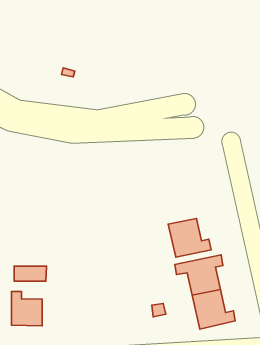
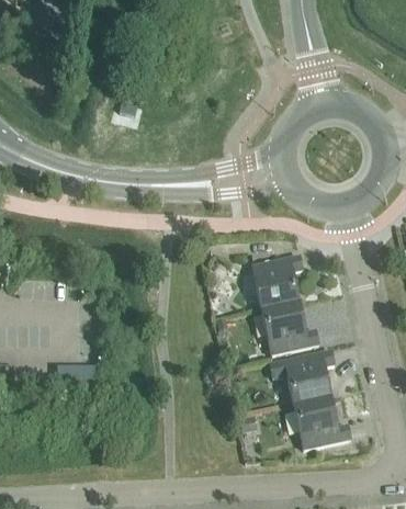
building: none -> [251,256,301,310]
building: [12,291,42,326] -> none

